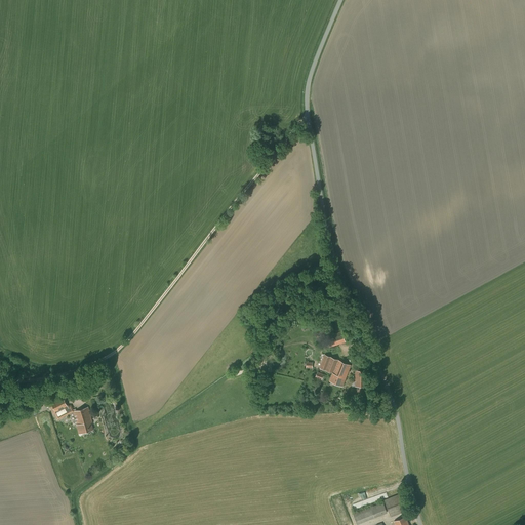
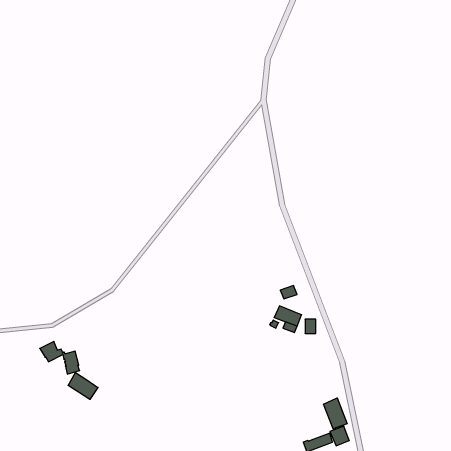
building: none -> [68,373,98,399]
building: none -> [324,398,347,429]

